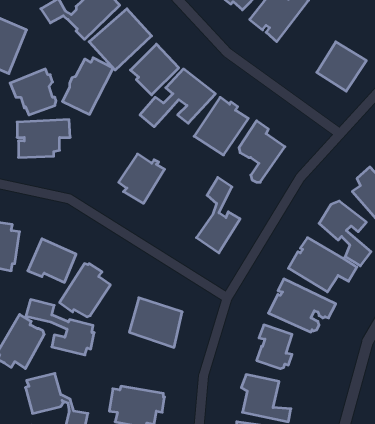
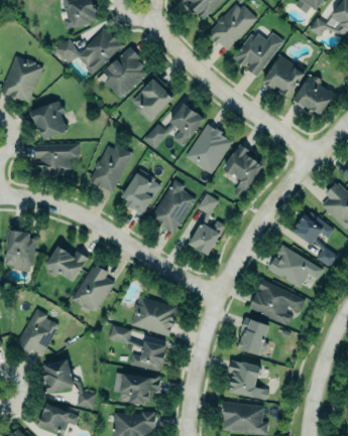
building: none -> [261,55,305,99]
building: [62,58,113,114] -> [89,144,132,192]
building: none -> [151,180,196,235]
building: [26,300,94,355] -> [108,324,166,372]

